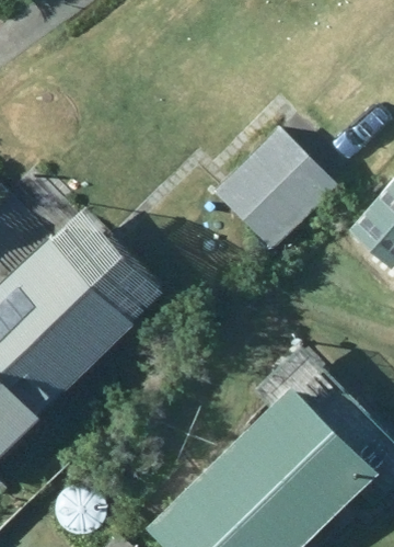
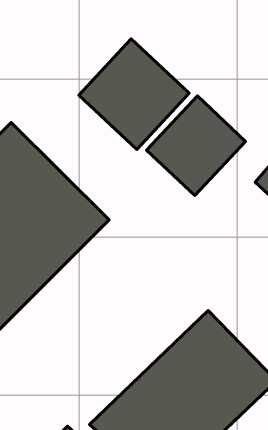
building: none -> [79,39,189,149]

